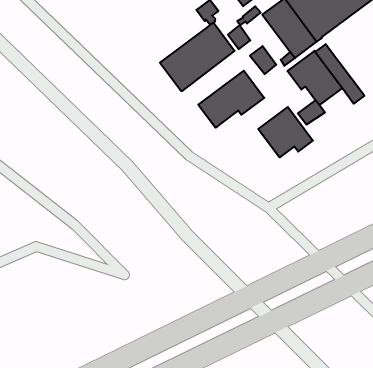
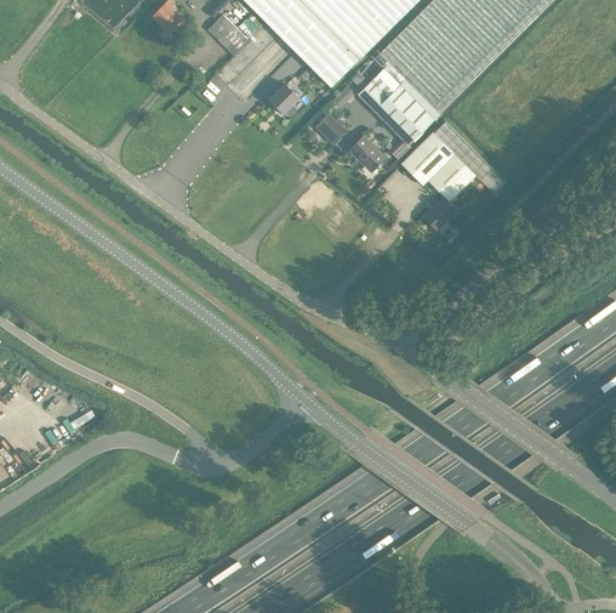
building: [160,23,235,91] -> none
building: [198,71,264,128] -> none
building: [258,107,313,157] -> none

